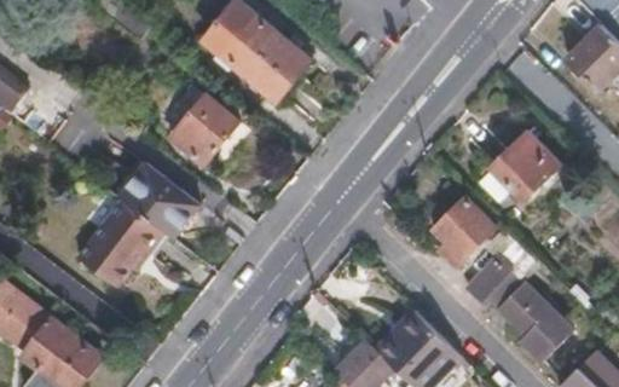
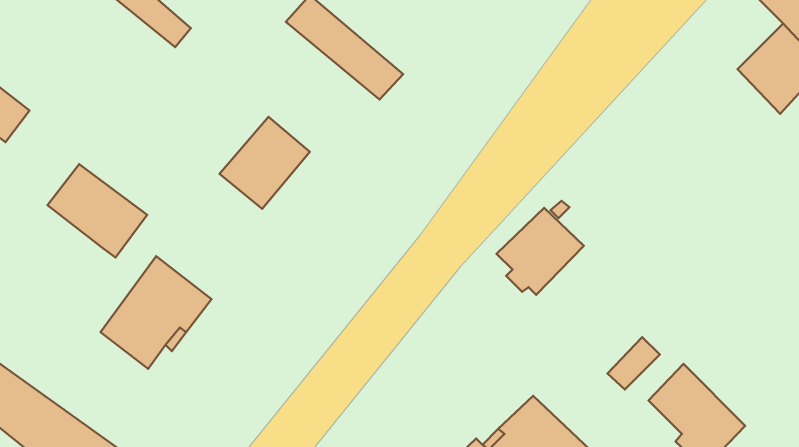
building: [206,22,293,100] -> none
building: [491,132,559,200] -> none
building: [122,169,198,241] -> [47,164,147,258]
building: [433,195,499,261] -> [497,208,584,295]

